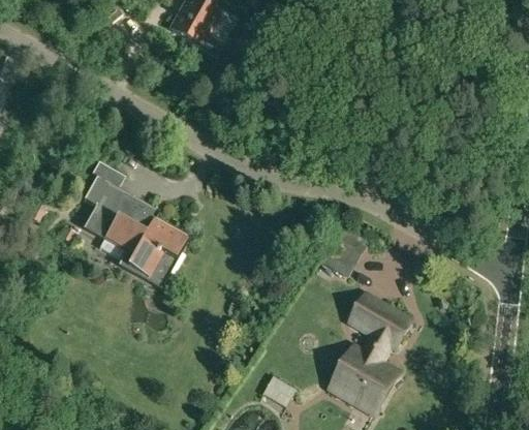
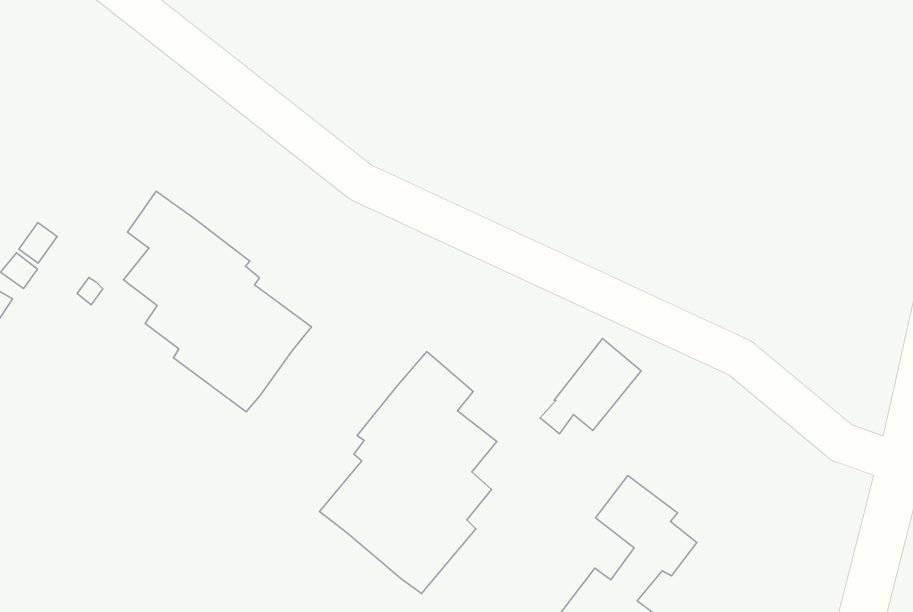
building: none -> [320,352,497,593]

